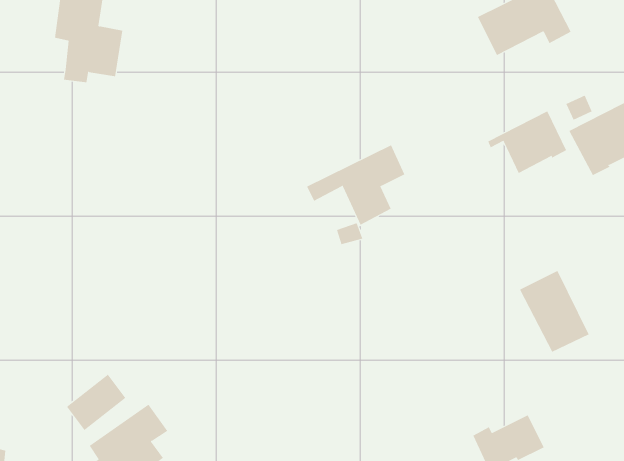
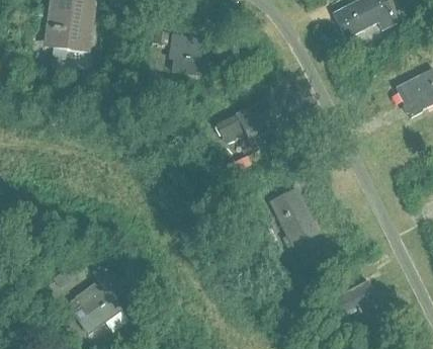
building: none -> [171,36,202,76]
building: [488,111,567,174] -> none
building: [519,270,589,353] -> [270,189,318,245]

